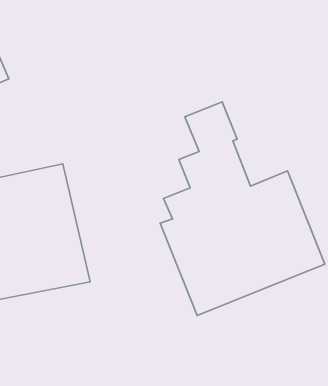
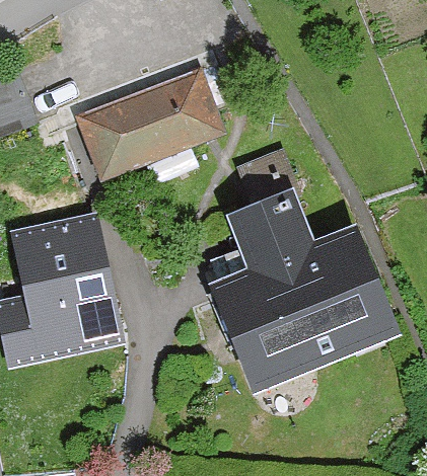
building: none -> [80,69,224,174]

